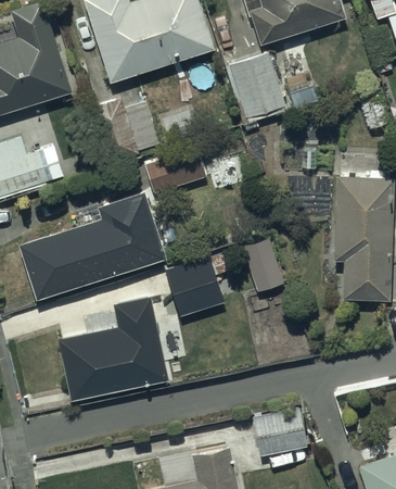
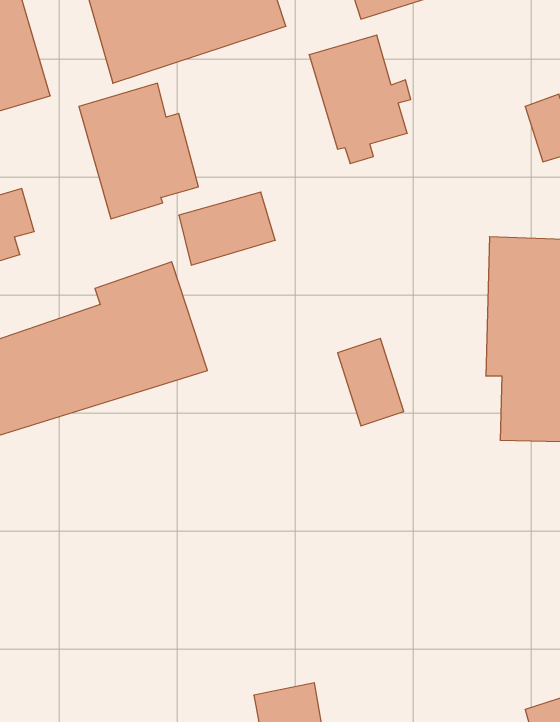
building: [164,255,225,315] -> none
building: [58,298,169,402] -> none
building: [252,408,308,457] -> none

